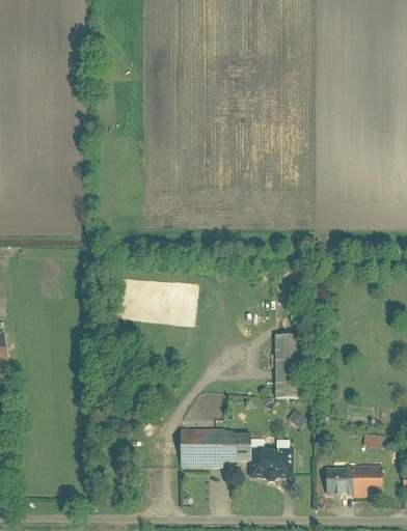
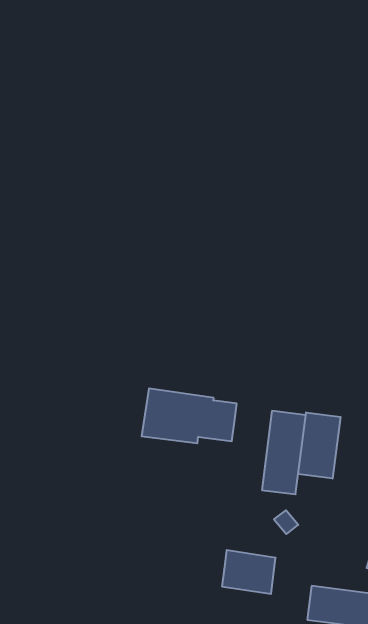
building: none -> [298,412,341,479]
building: [180,429,251,468] -> [142,388,237,443]

